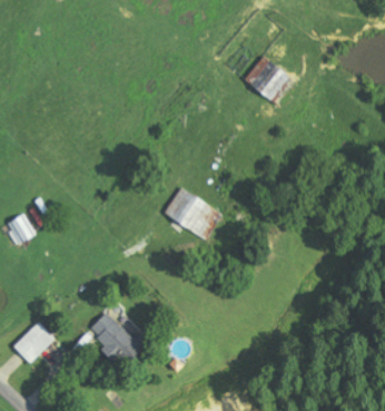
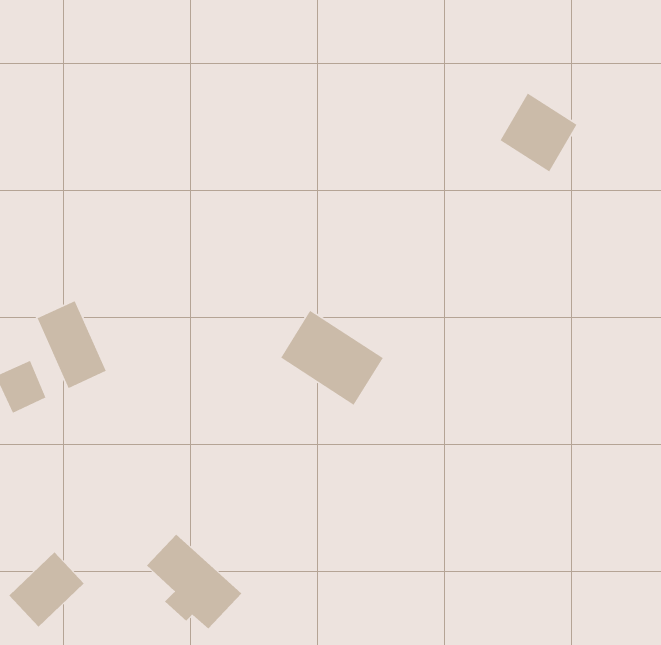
building: [245,55,288,99] -> [499,93,577,172]
building: none -> [37,300,107,389]

